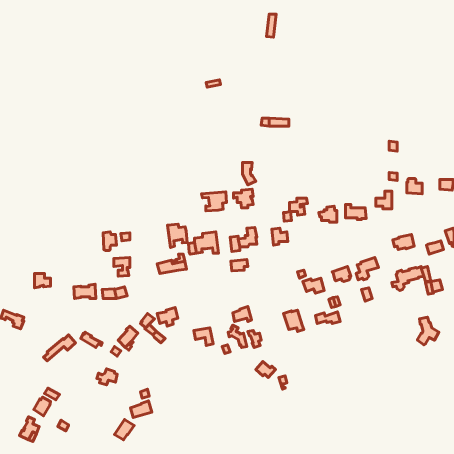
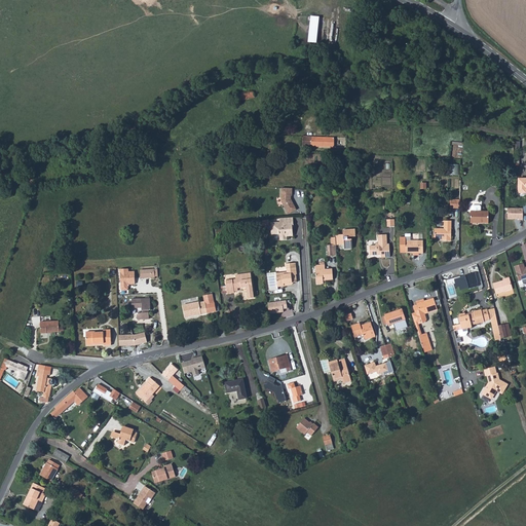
building: [201,192,226,211] -> none
building: [168,224,187,248] -> none
building: none -> [36,365,55,402]

